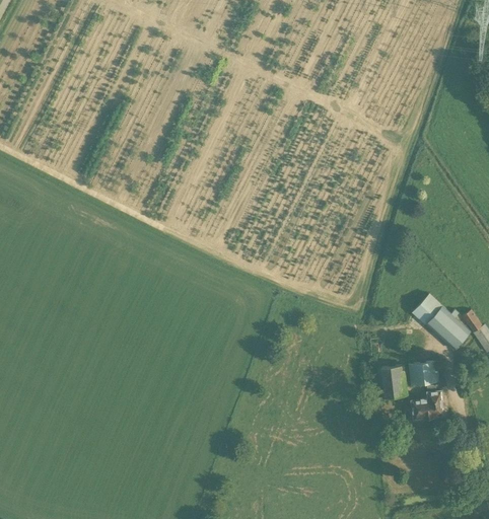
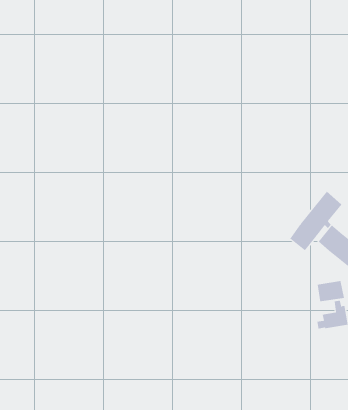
building: none -> [289,191,342,251]
building: [376,365,408,399] -> none

